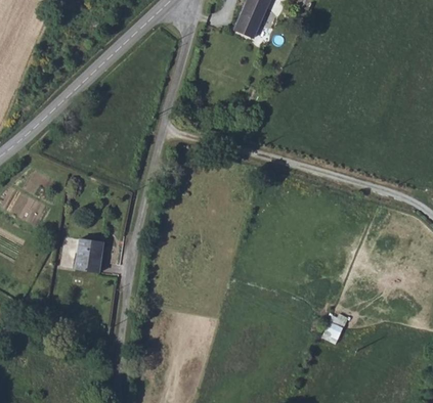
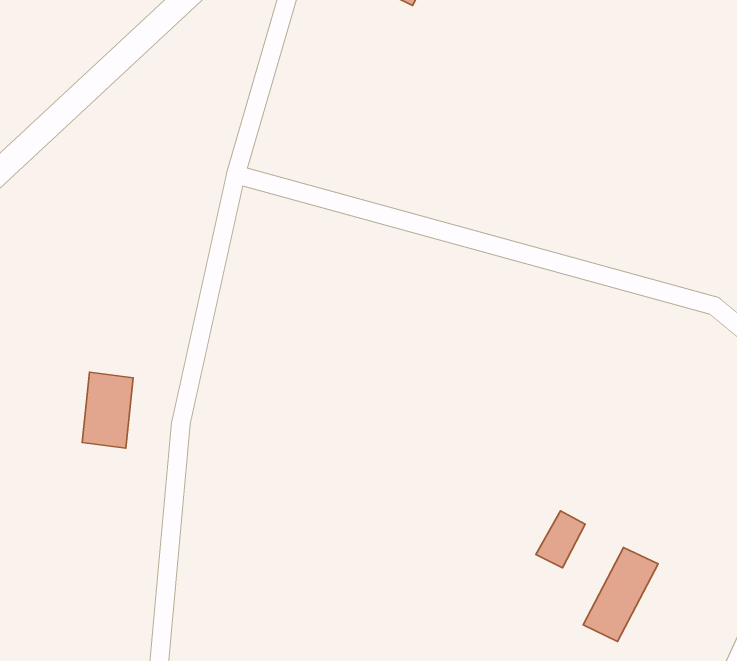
building: none -> [583,547,658,641]

